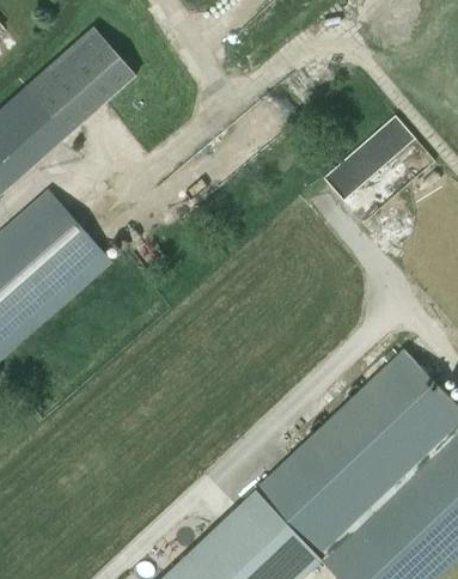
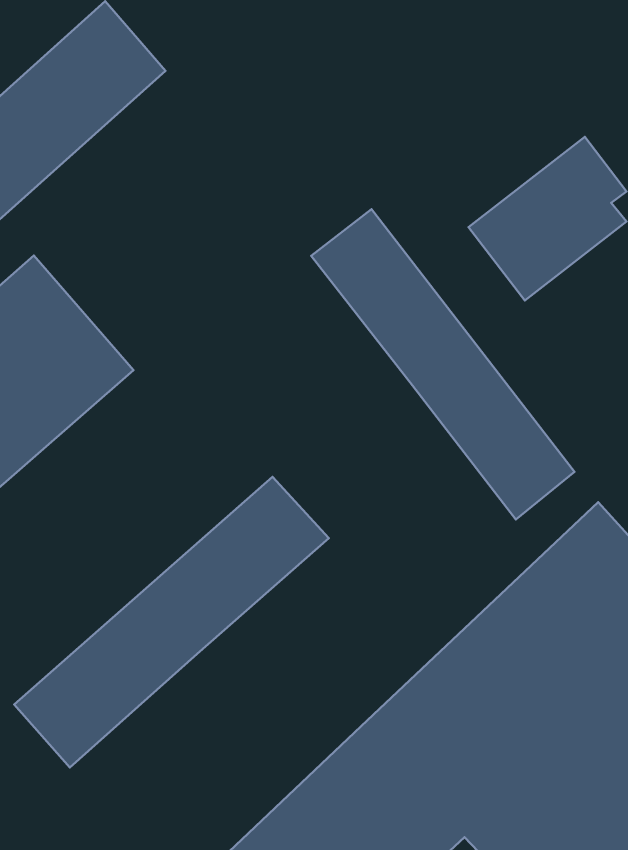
building: none -> [311,209,575,519]
building: none -> [14,477,329,768]

